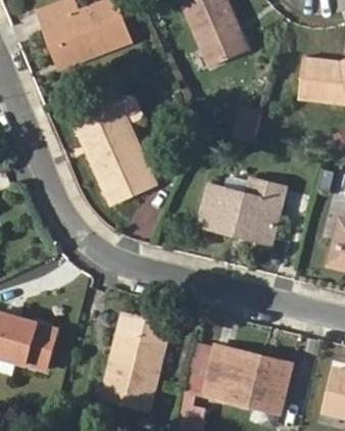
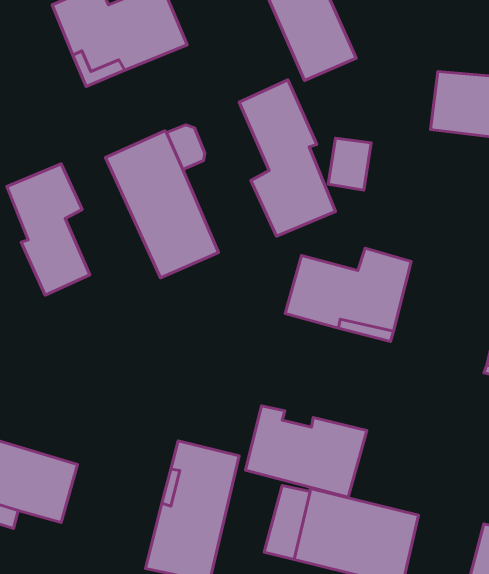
building: none -> [239,80,336,236]
building: none -> [7,164,90,295]
building: none -> [246,406,367,497]

